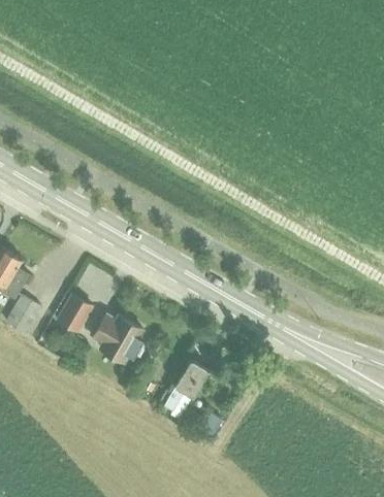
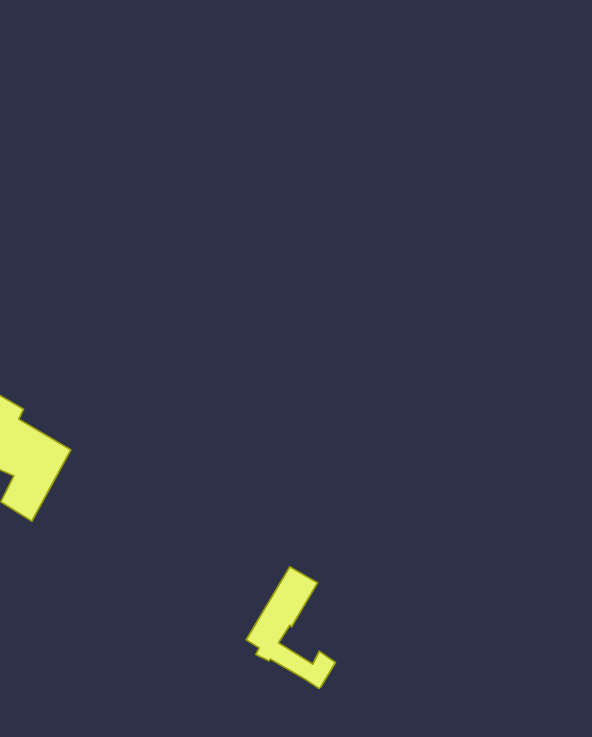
building: [57,296,92,333] -> none
building: [92,317,142,364] -> none

